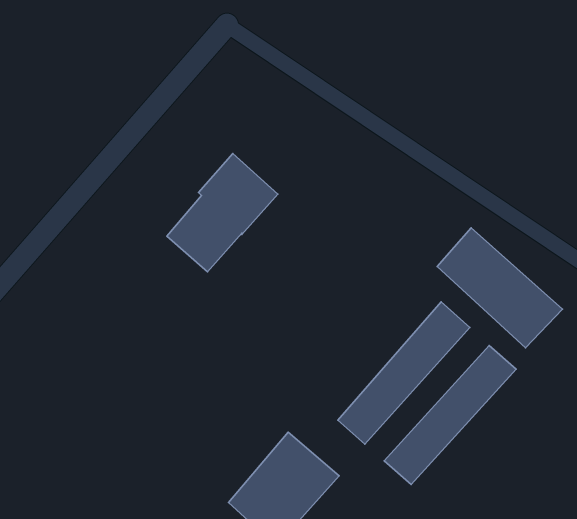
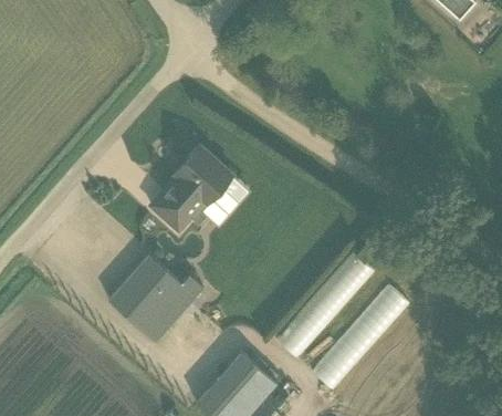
building: [437,228,563,348] -> none
building: none -> [108,254,203,342]

